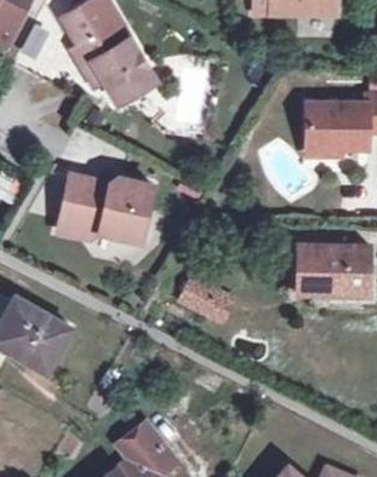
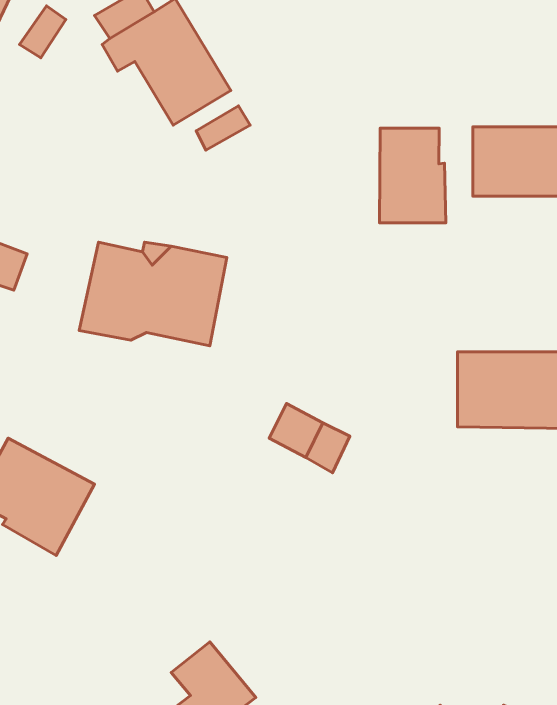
building: none -> [380,128,446,223]

